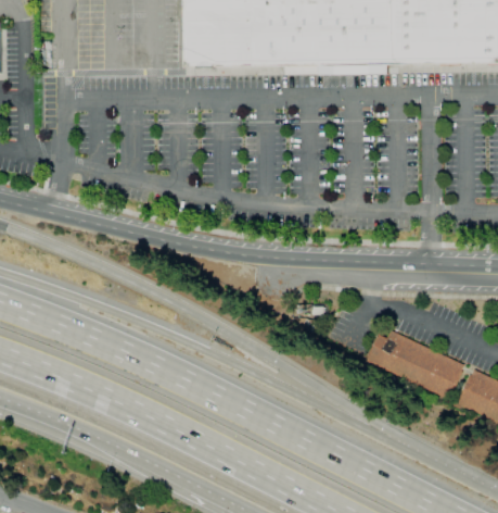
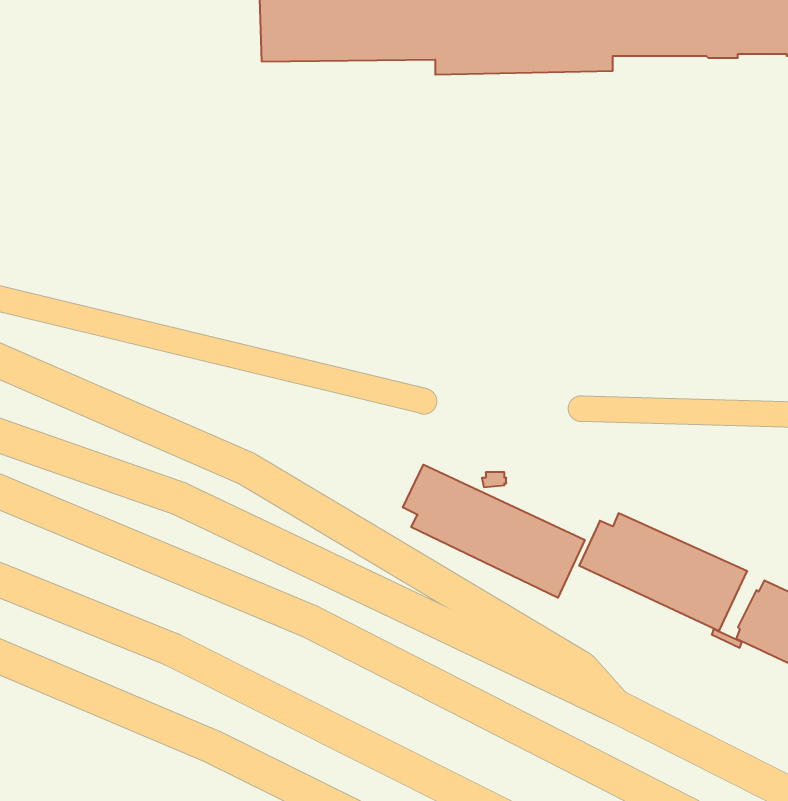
building: none -> [403,465,585,598]

